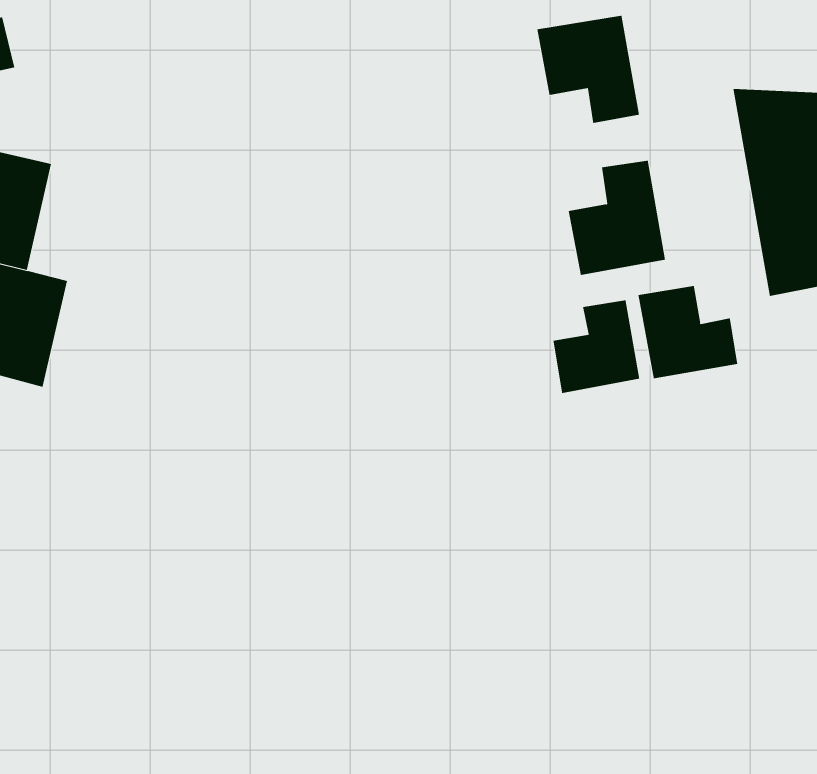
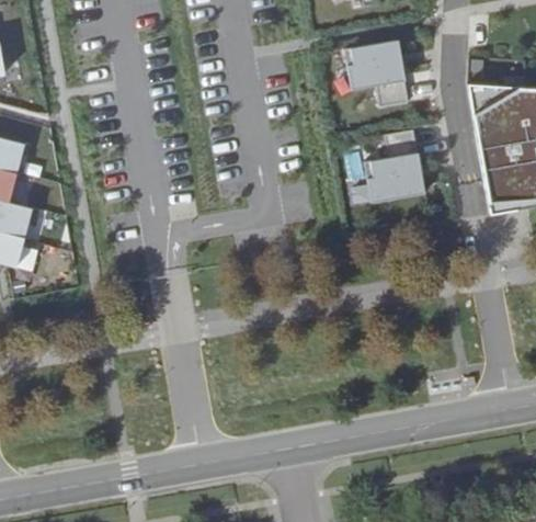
building: [638,285,738,379] -> none
building: [553,299,640,394] -> none

